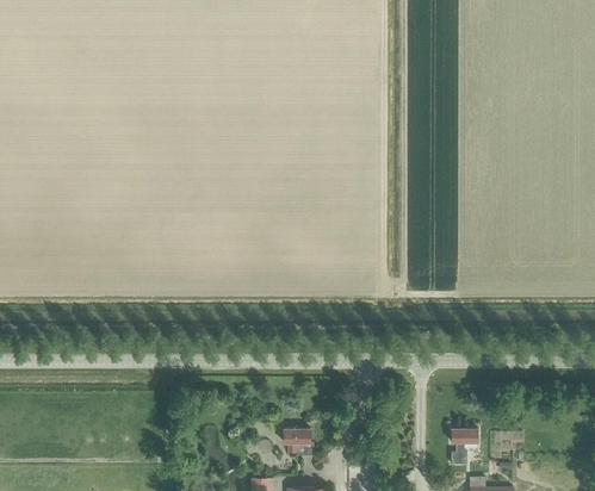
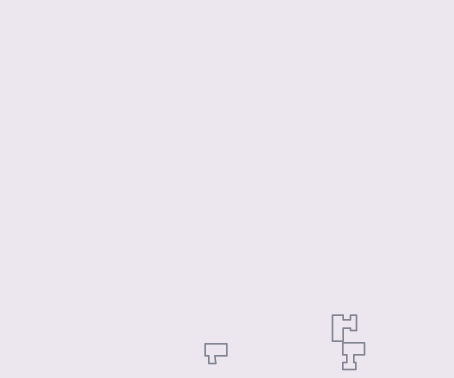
building: none -> [333,315,357,341]

